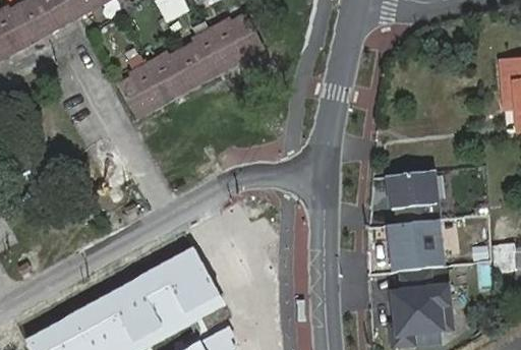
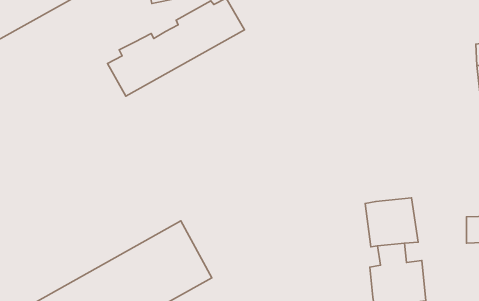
building: [388,173,438,226] -> none

